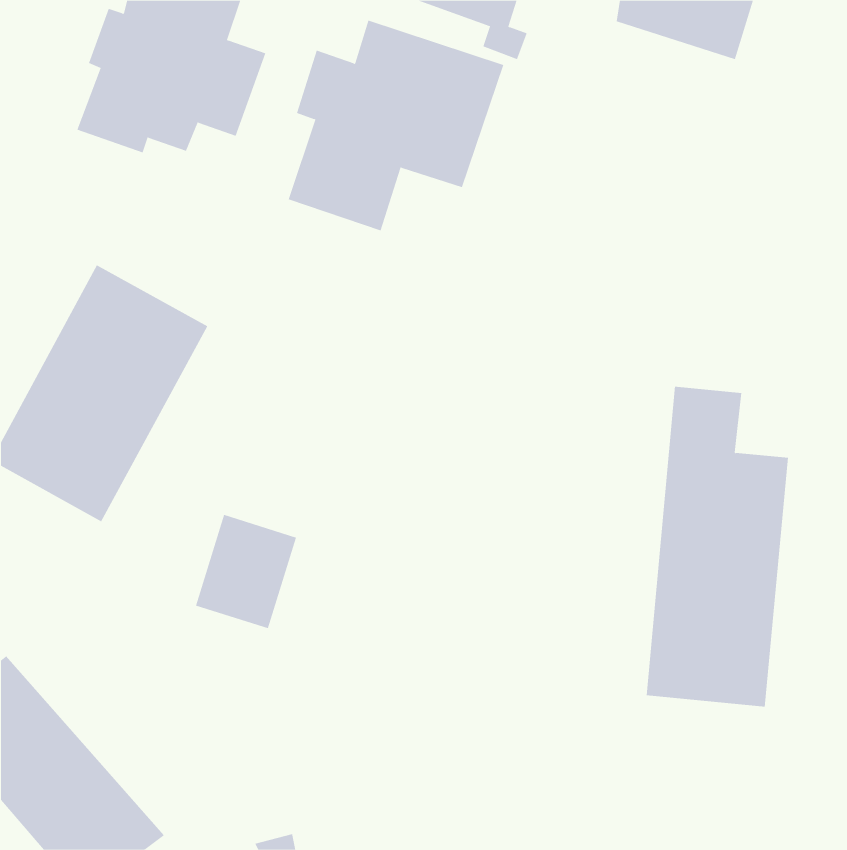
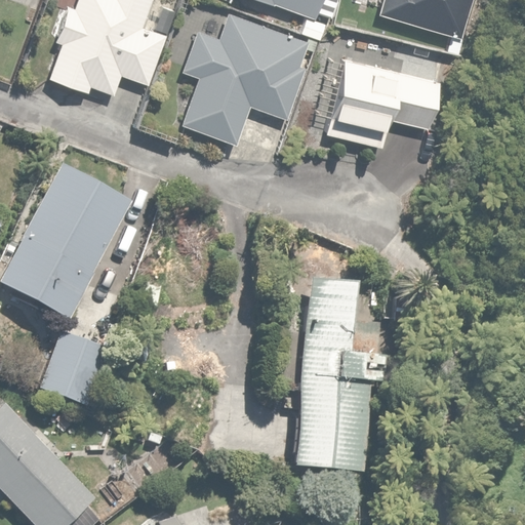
building: none -> [323,55,441,148]
building: [646,386,789,707] -> [293,277,381,475]
building: [195,514,297,629] -> [40,333,103,404]

